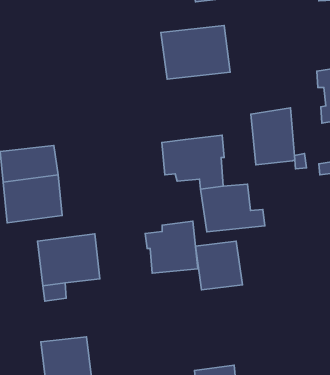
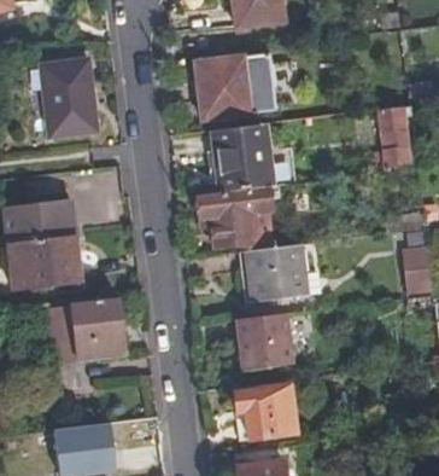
building: none -> [31,59,86,137]
building: [251,108,295,165] -> [219,122,271,190]
building: [145,221,198,273] -> [234,378,297,440]

